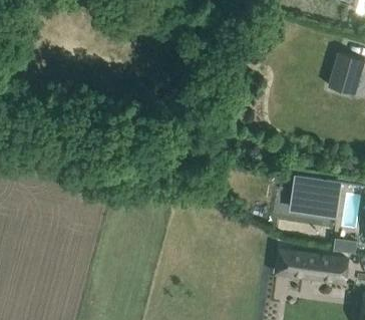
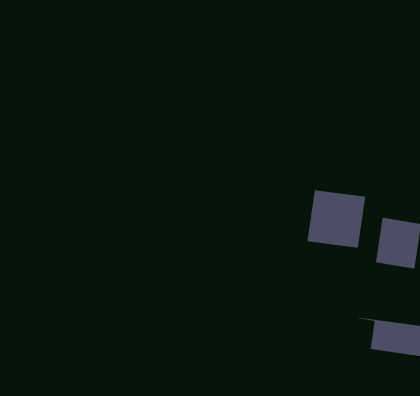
building: none -> [307,189,366,248]

